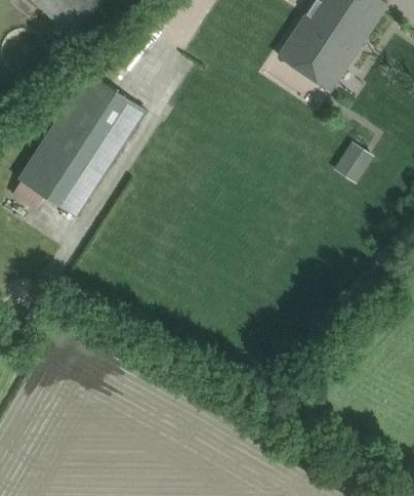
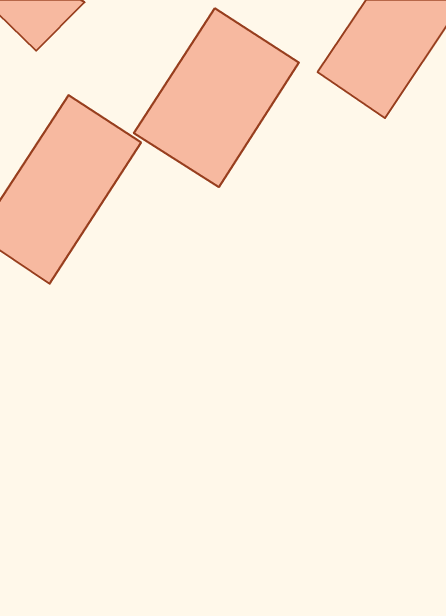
building: none -> [134,8,299,187]
building: [332,143,370,184] -> none

